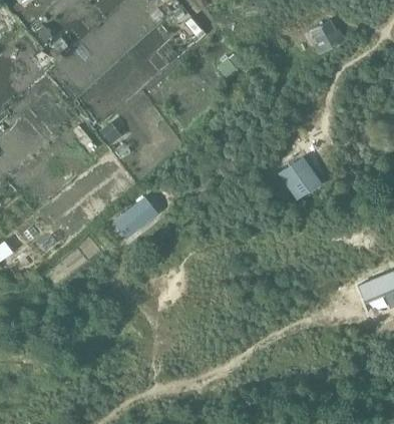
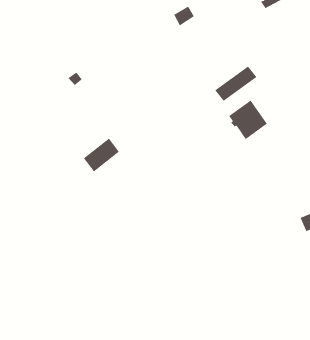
building: none -> [214,66,257,102]

